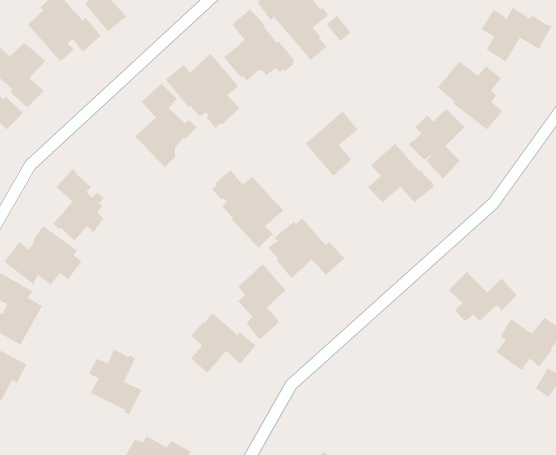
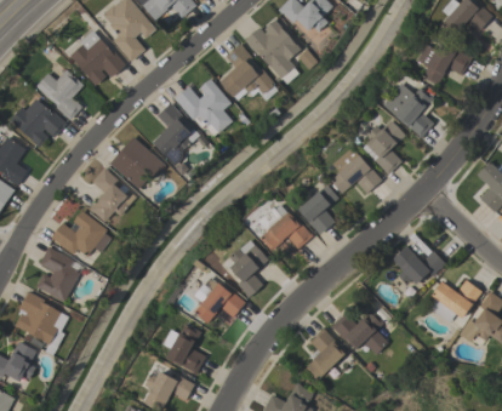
building: [305,110,358,177] -> [298,183,340,234]
building: none -> [109,136,166,189]
building: [211,169,284,249] -> none
building: [88,349,142,415] -> [165,324,206,375]
building: none -> [330,312,388,354]
building: none -> [304,327,346,381]

